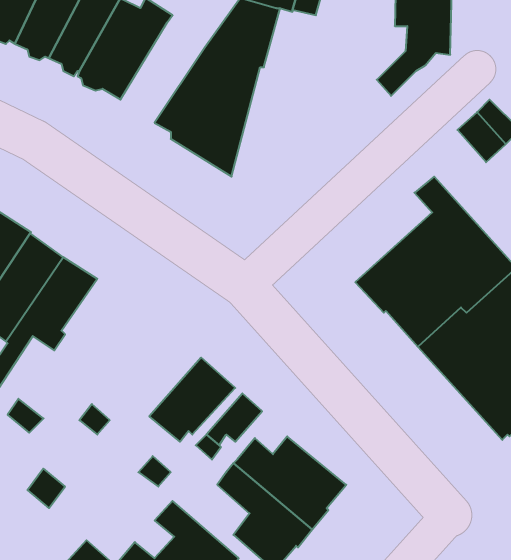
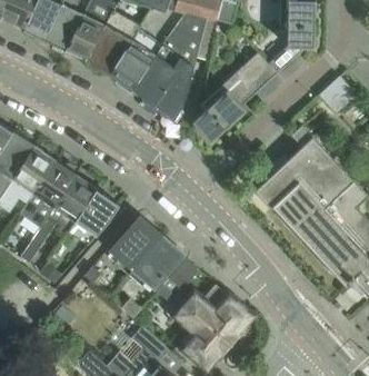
building: none -> [109,29,161,93]
building: none -> [191,52,277,142]
building: none -> [72,188,118,235]
building: none -> [109,220,159,274]

